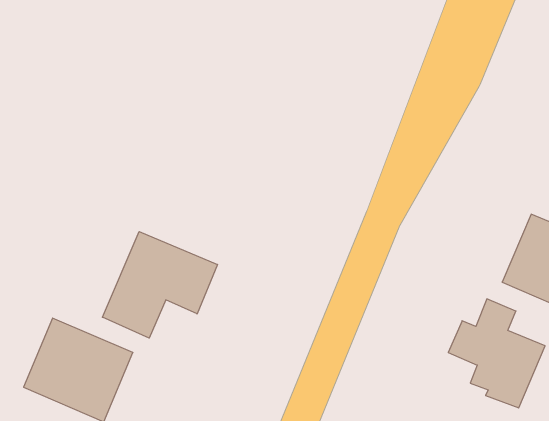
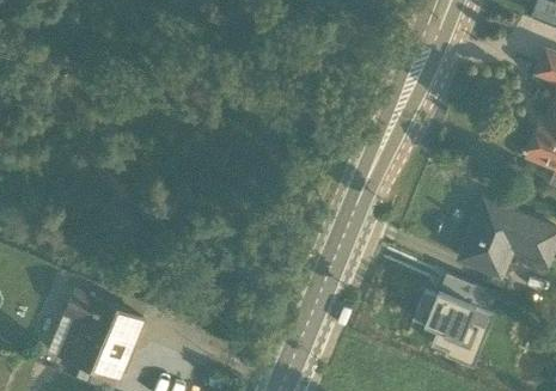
building: [102,232,217,338] -> none

